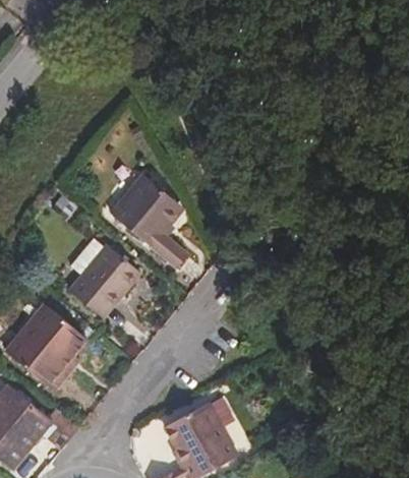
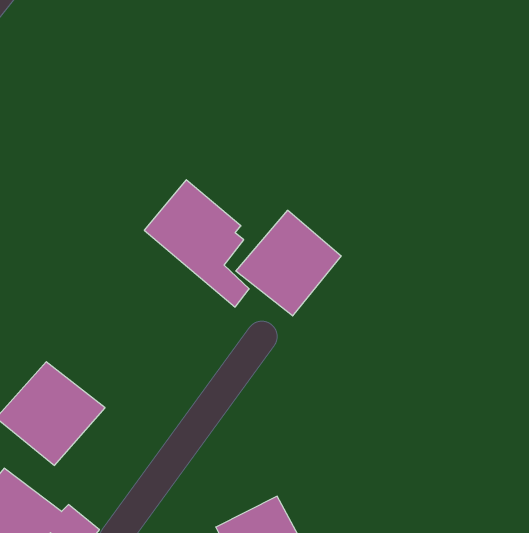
building: none -> [236,210,341,316]
building: [66,247,142,318] -> none

